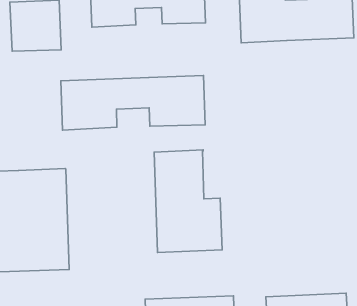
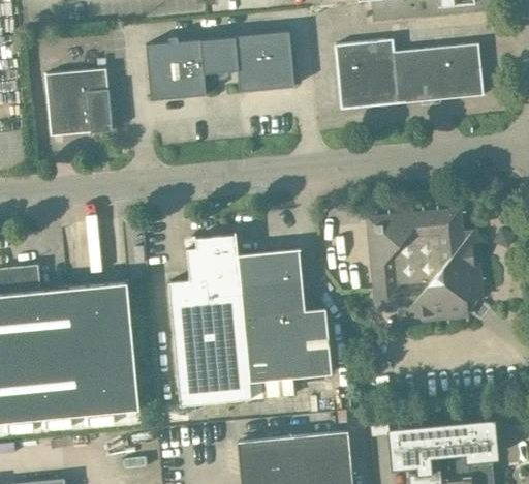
building: [61,76,205,130] -> none
building: none -> [374,210,486,323]
building: none -> [168,232,251,405]

